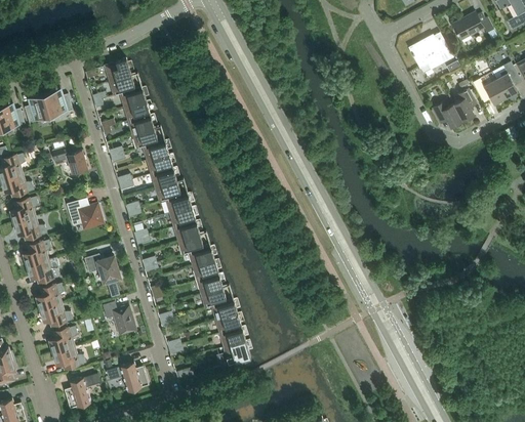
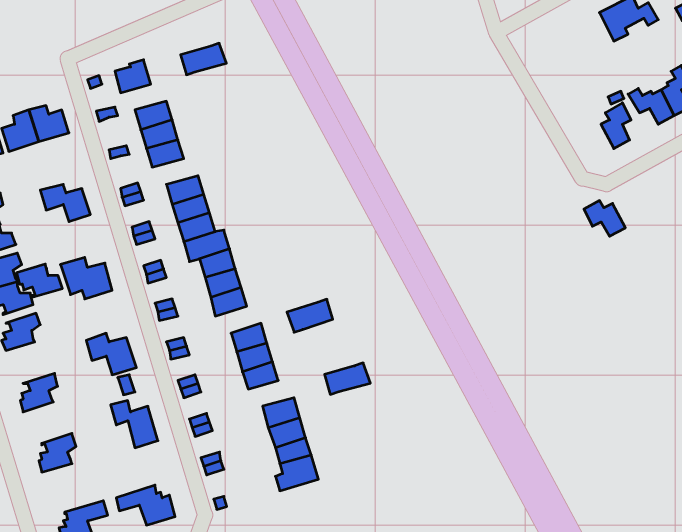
building: [409,35,453,69] -> none
building: [110,73,143,95] -> [181,43,226,75]
building: [433,101,462,127] -> [584,201,625,236]
building: [132,126,165,149] -> none
building: [177,231,210,255] -> [287,299,333,332]
building: [28,259,60,283] -> [17,264,62,297]
building: [201,285,234,307] -> [325,363,370,394]
building: [40,302,74,326] -> none
building: [53,346,86,369] -> none

